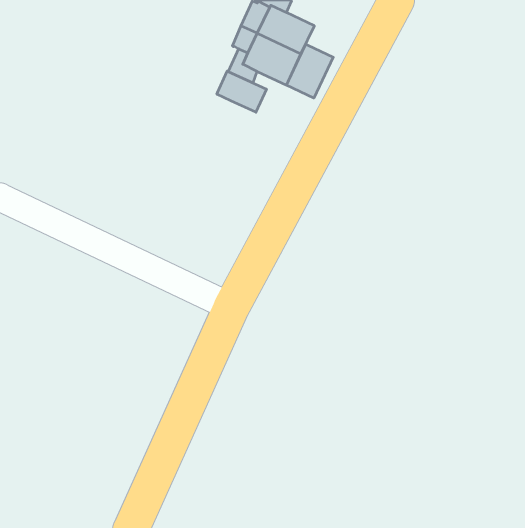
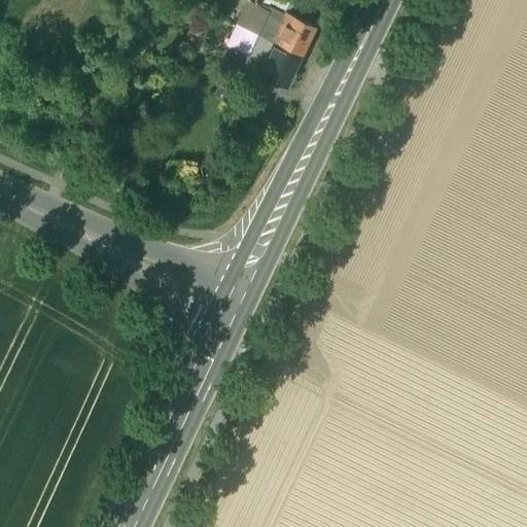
building: [286,44,333,98] -> none
building: [217,71,266,112] -> none

